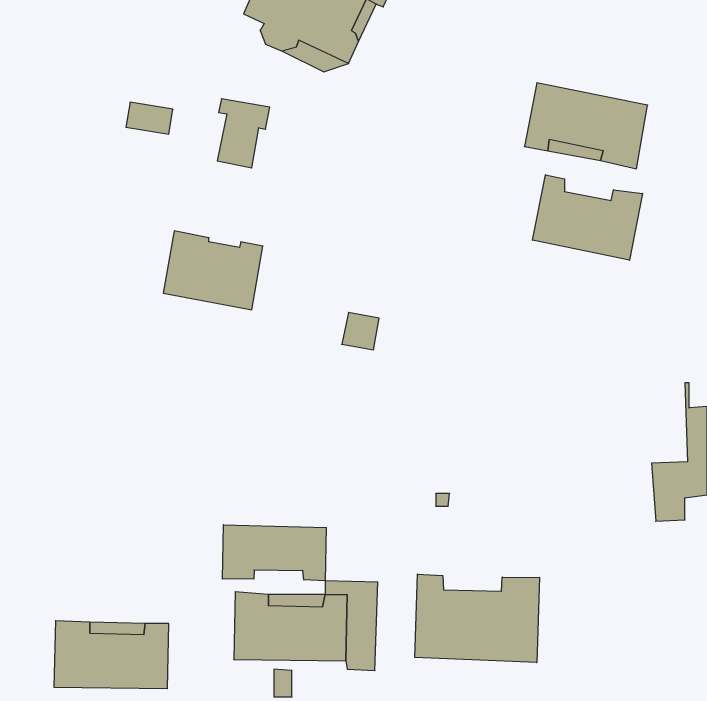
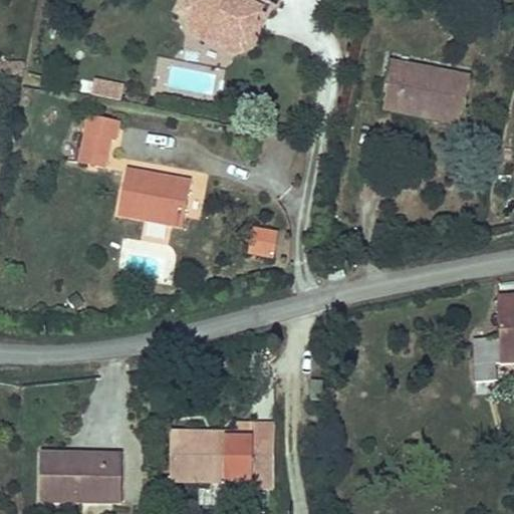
building: [217,99,270,168] -> [80,114,118,165]
building: [533,175,643,260] -> none
building: [222,525,326,581] -> none
building: [415,574,539,663] -> none

